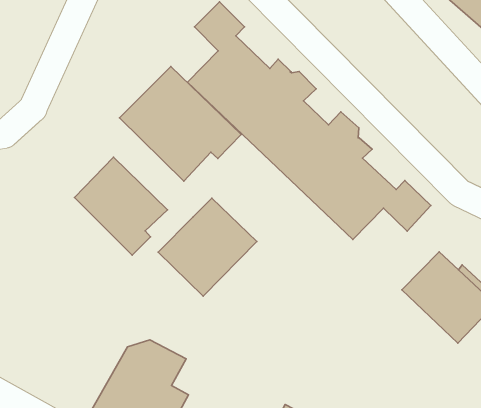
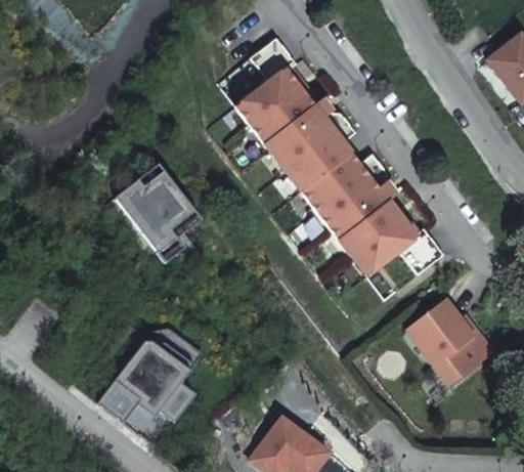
building: [119,66,241,181] -> none
building: [158,198,257,296] -> none

